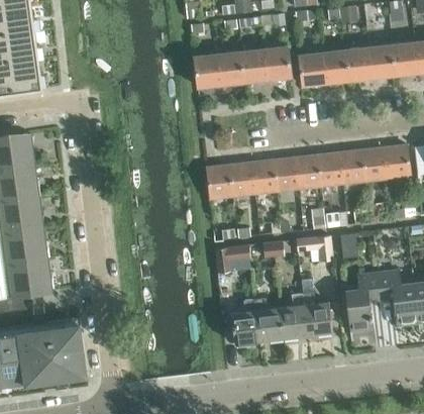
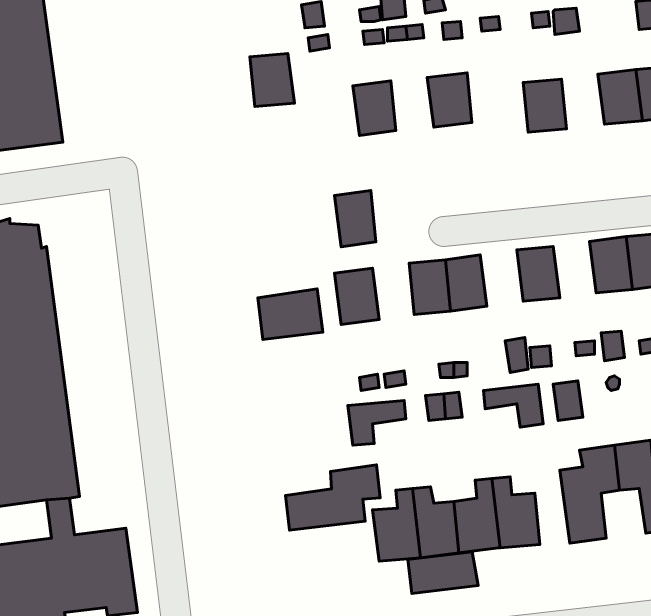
building: [345,47,372,81] -> none
building: [241,49,268,82] -> none
building: [298,53,325,86] -> none
building: [195,55,222,87] -> [250,53,295,106]
building: [340,149,366,184] -> none
building: [296,154,322,189] -> none
building: [230,163,255,197] -> [334,191,376,247]
building: none -> [258,289,323,339]
building: none -> [285,465,380,530]
building: none -> [408,552,478,594]

